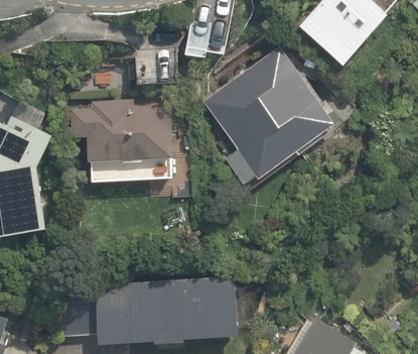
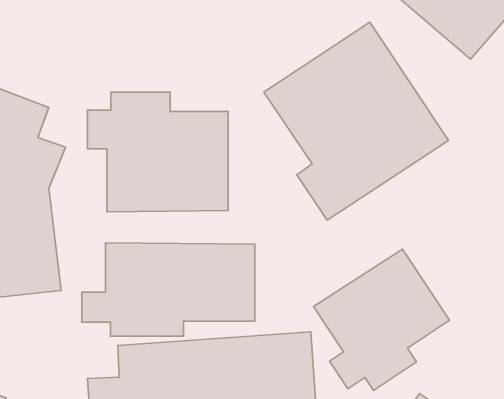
building: none -> [82,243,255,336]
building: none -> [313,249,450,390]

